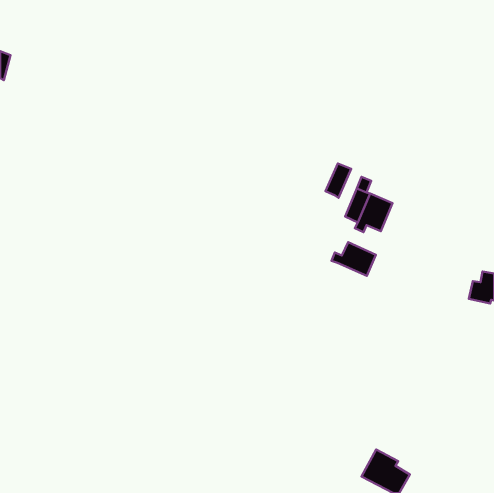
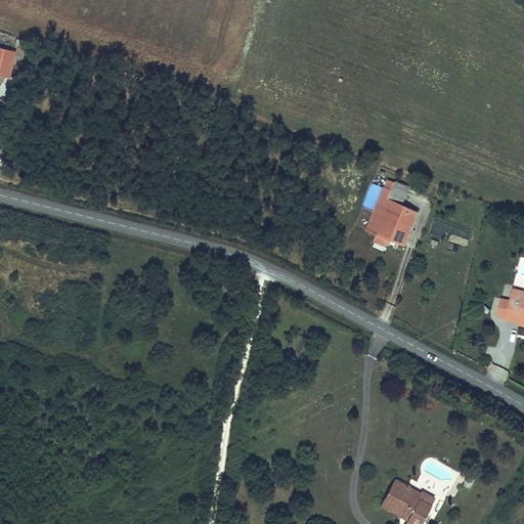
building: [325,163,351,198] -> none
building: [331,242,376,276] -> none

